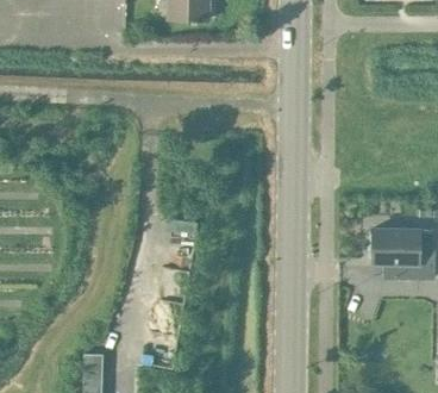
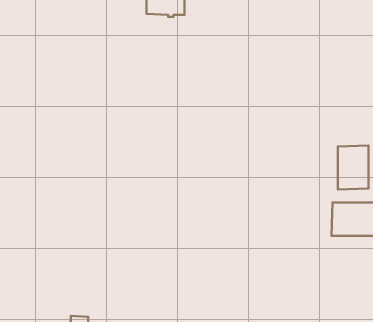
building: none -> [338,145,369,190]

